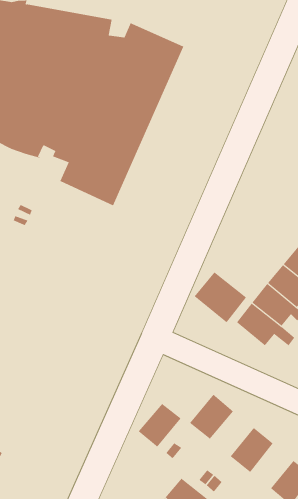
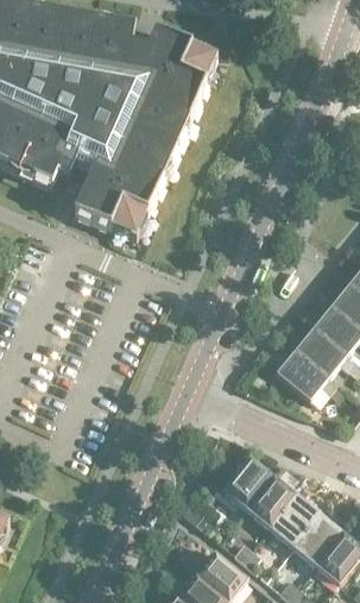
building: [194,272,247,323] -> none
building: [138,403,181,448] -> [246,472,296,523]
building: none -> [292,509,341,560]

